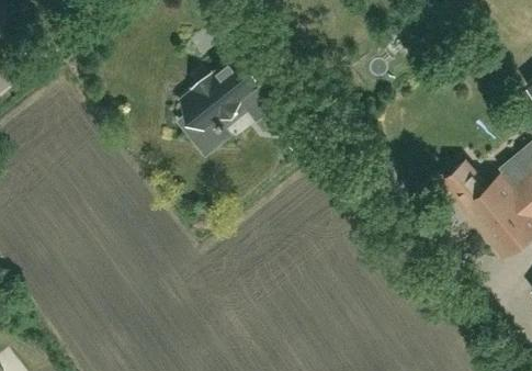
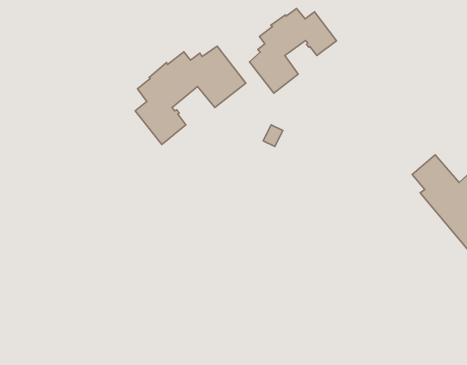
building: none -> [249,9,336,93]

